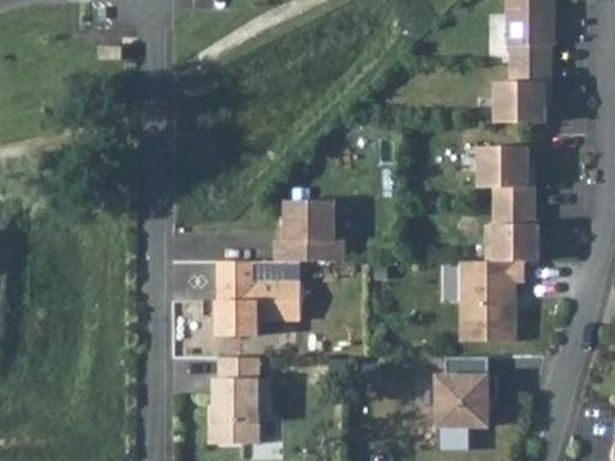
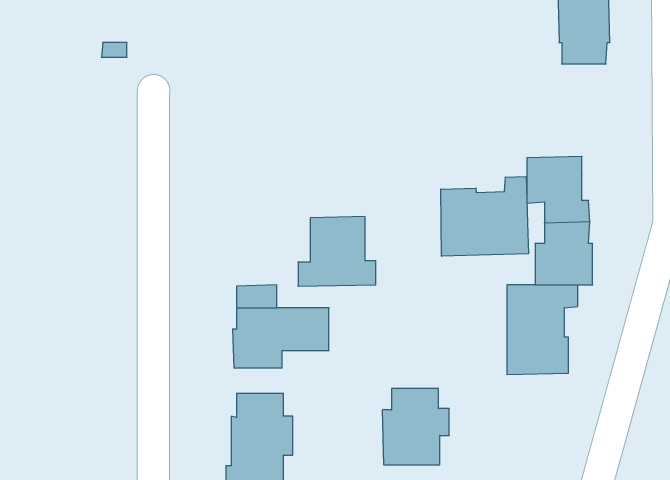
building: [495,62,550,121] -> none
building: none -> [441,176,528,256]
building: [437,357,497,425] -> [382,388,449,465]

